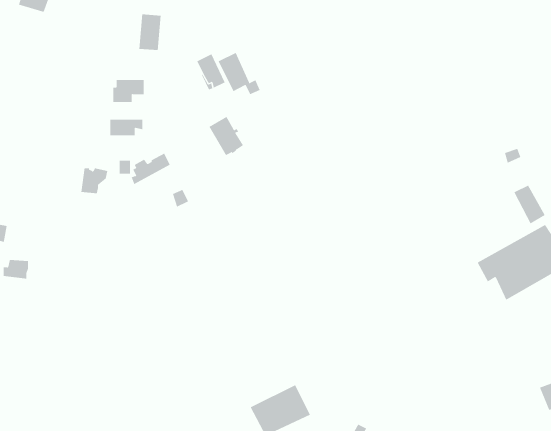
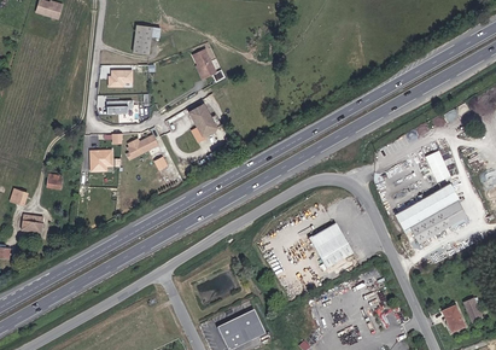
building: none -> [309,223,354,269]

